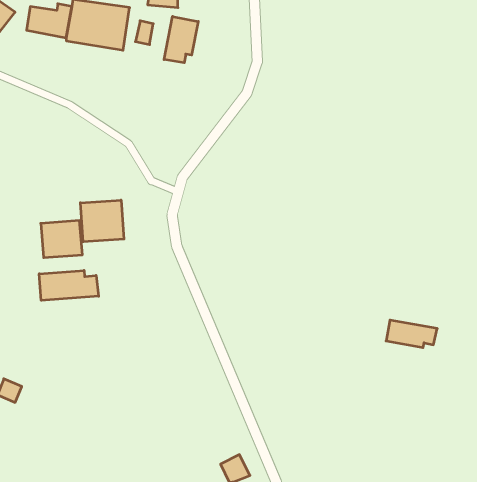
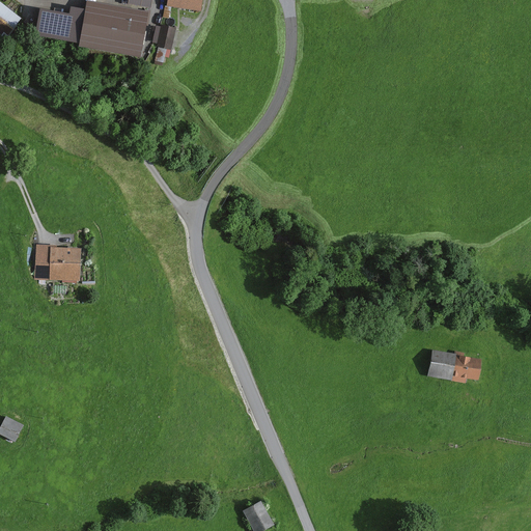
building: [164,16,198,63] -> none
building: [80,200,124,242] -> none
building: [39,270,99,300] -> none

